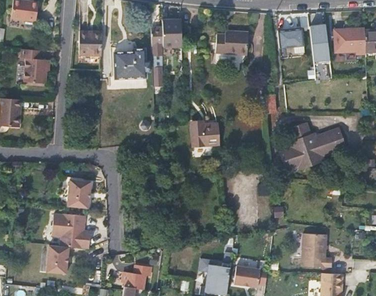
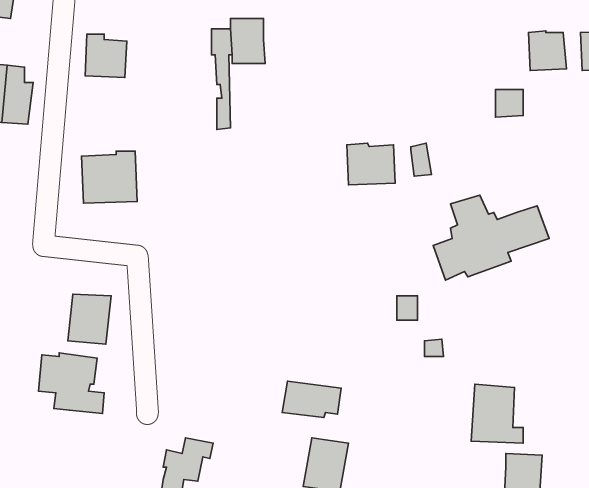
building: [308,24,329,61] -> none
building: [277,28,303,48] -> none
building: [215,31,247,55] -> none
building: [114,50,146,80] -> [82,151,137,203]
building: [192,122,220,146] -> [347,143,395,185]
building: [46,246,69,275] -> none
building: [233,266,267,287] -> [282,381,341,418]

